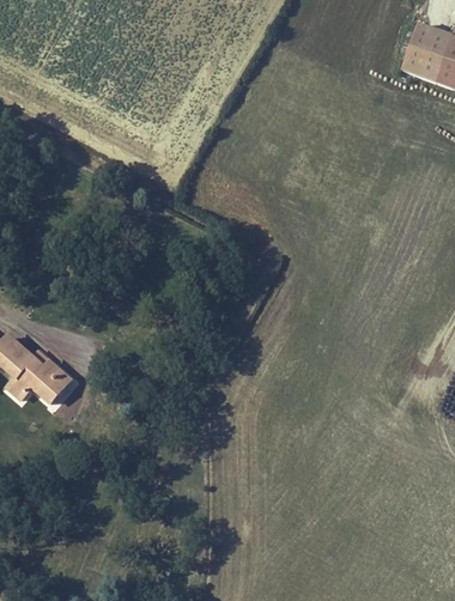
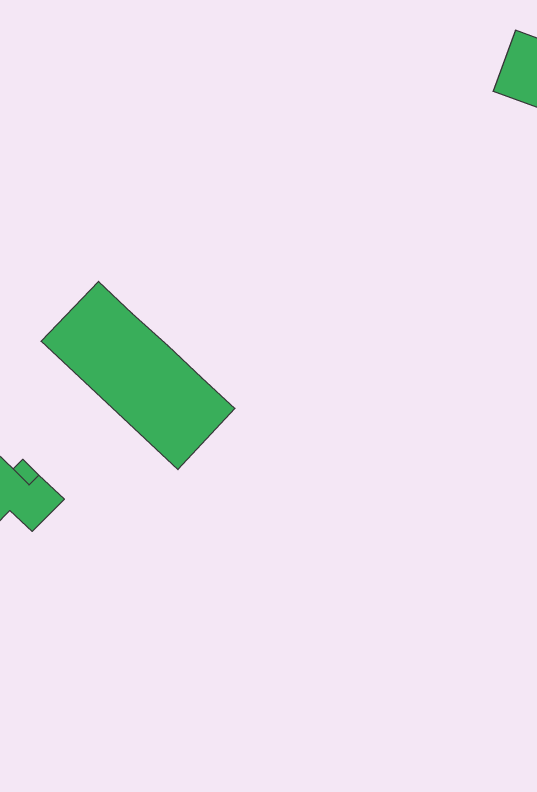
building: none -> [41,281,235,470]

